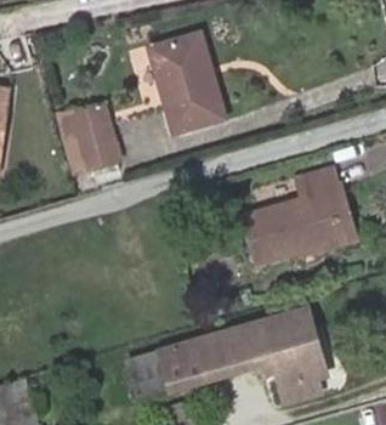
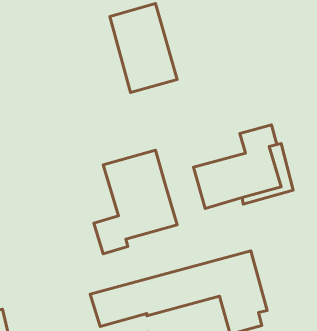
building: [58,106,119,171] -> none
building: none -> [94,150,177,254]

